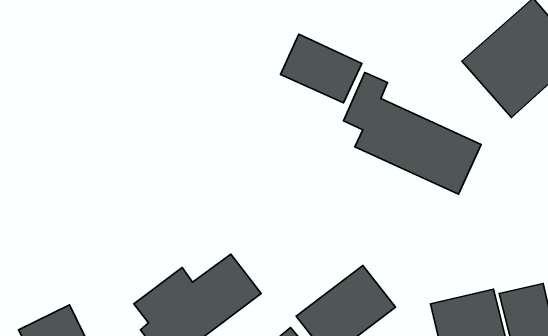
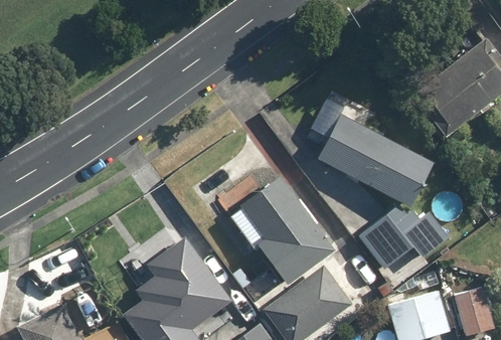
building: [280,34,362,103] -> none
building: none -> [241,174,335,284]
building: none -> [358,206,421,269]

